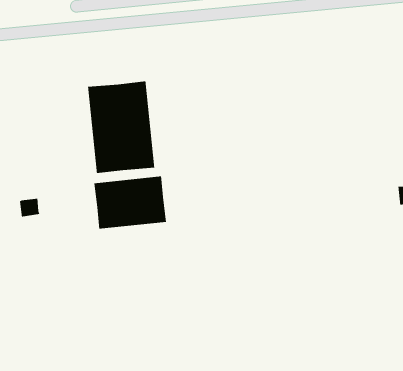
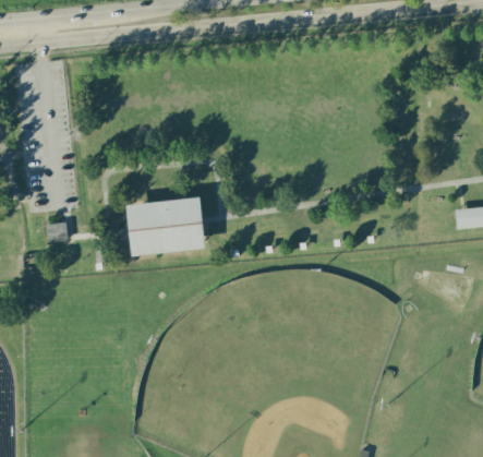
building: [88,81,155,174] -> none

